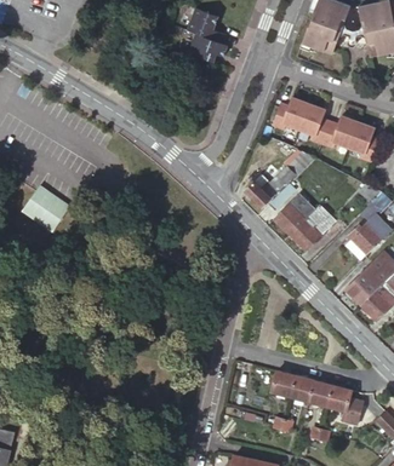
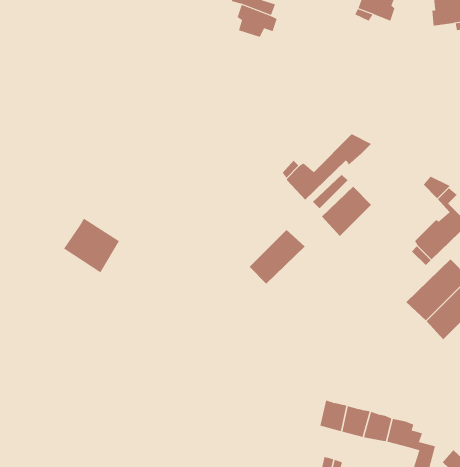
building: [272,100,378,163] -> none
building: [22,186,69,232] -> [63,218,120,273]
building: [289,203,336,249] -> [249,229,305,284]

